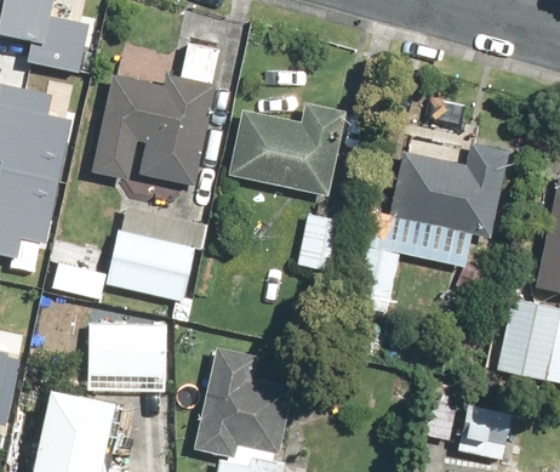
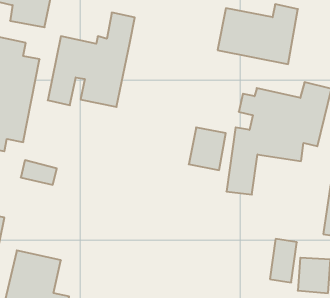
building: [224,106,343,194] -> [218,4,298,64]
building: [109,210,210,300] -> none
building: [88,324,171,377] -> none
building: [193,353,296,460] -> none

